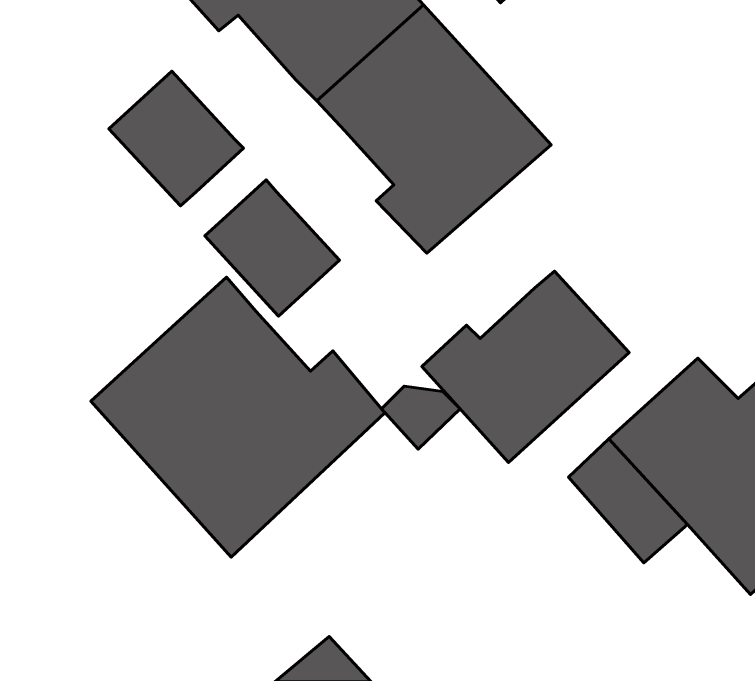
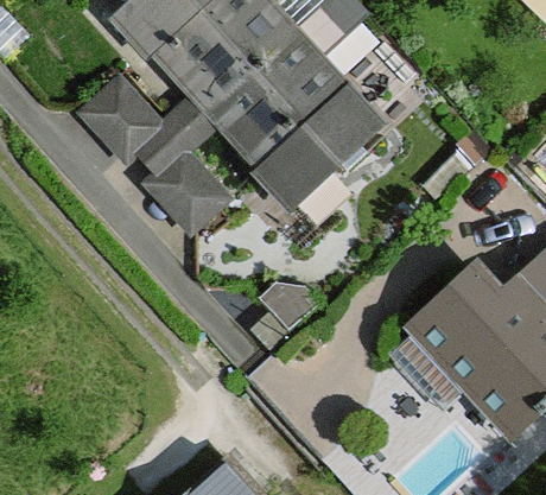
building: none -> [136,37,271,176]
building: [422,271,629,462] -> none
building: [91,277,385,557] -> none

